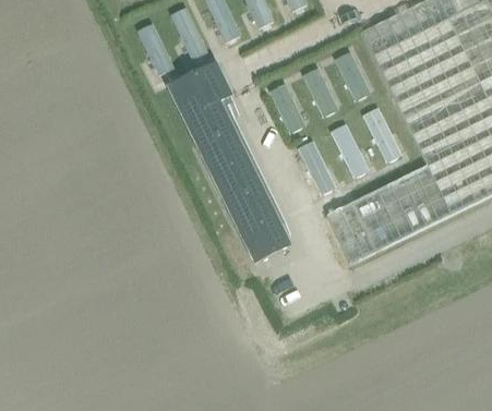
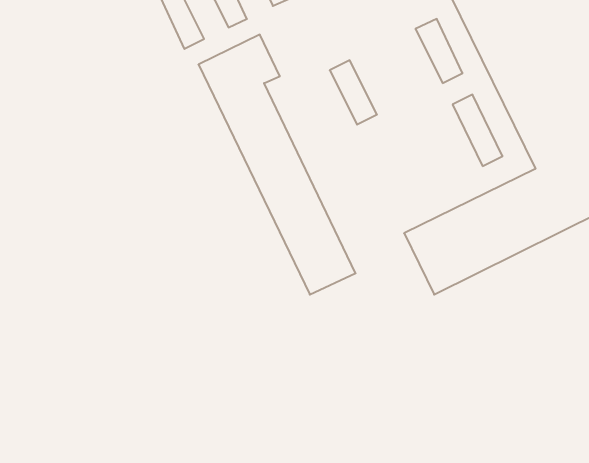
building: [302,68,339,116] -> none
building: [331,124,370,179] -> none
building: [298,141,337,195] -> none

